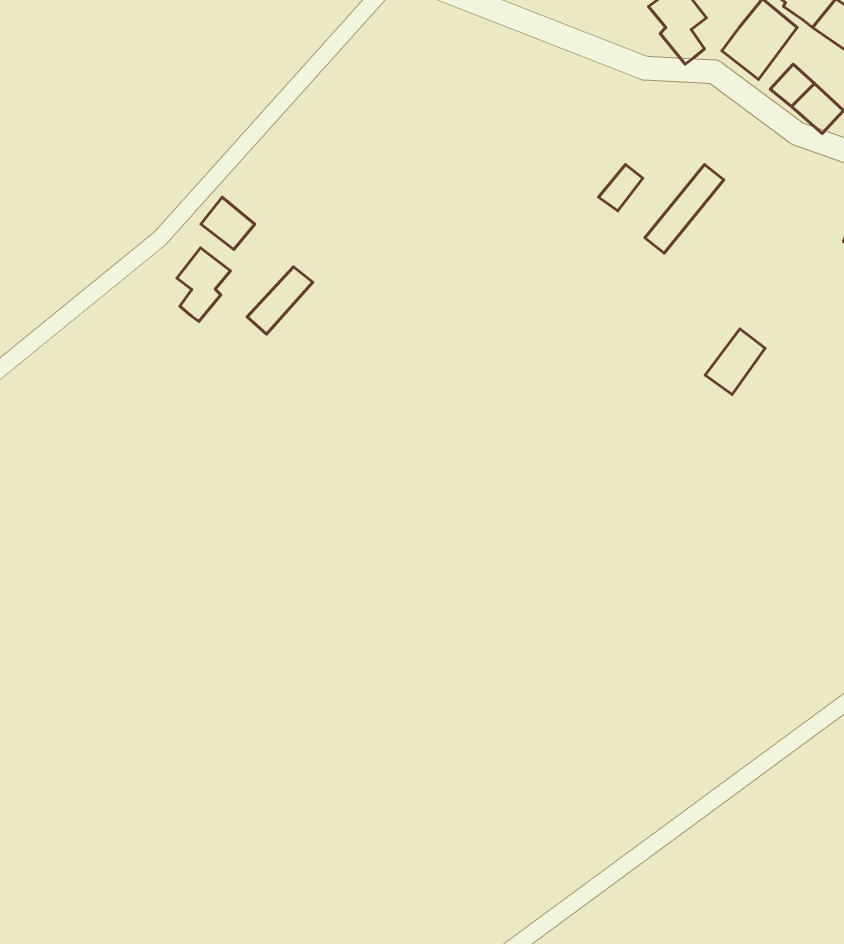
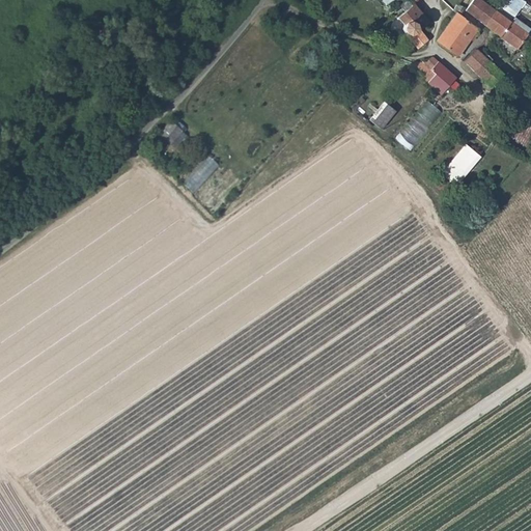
building: none -> [426,57,464,92]
building: [177,248,230,321] -> none
building: [705,329,765,394] -> [447,144,479,179]

